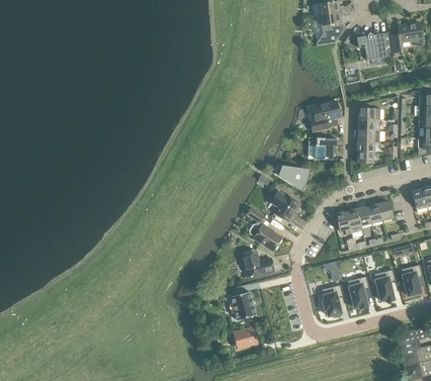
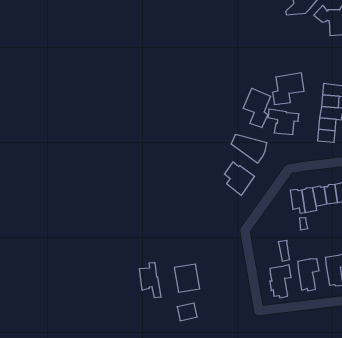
building: none -> [243,88,271,128]
building: [247,207,282,251] -> none
building: [241,251,274,276] -> none
building: none -> [139,262,161,298]

